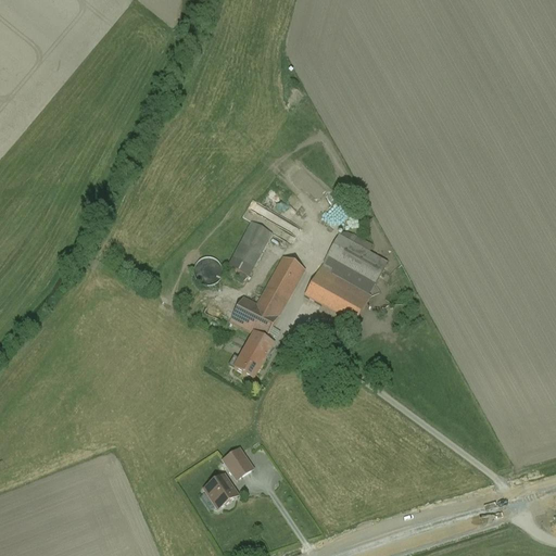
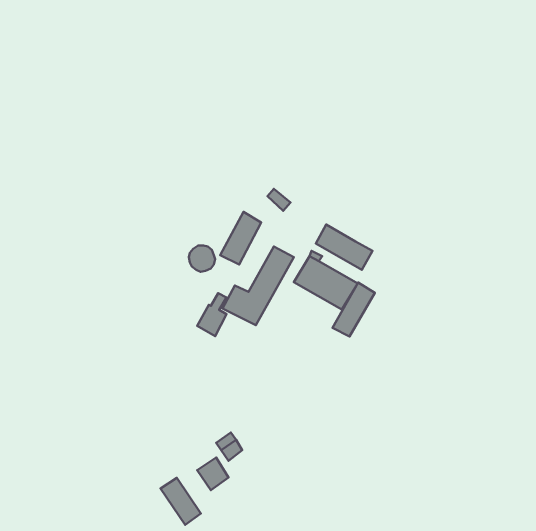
building: none -> [332,282,375,336]
building: [235,332,265,377] -> [197,293,227,336]
building: none -> [160,478,201,525]

